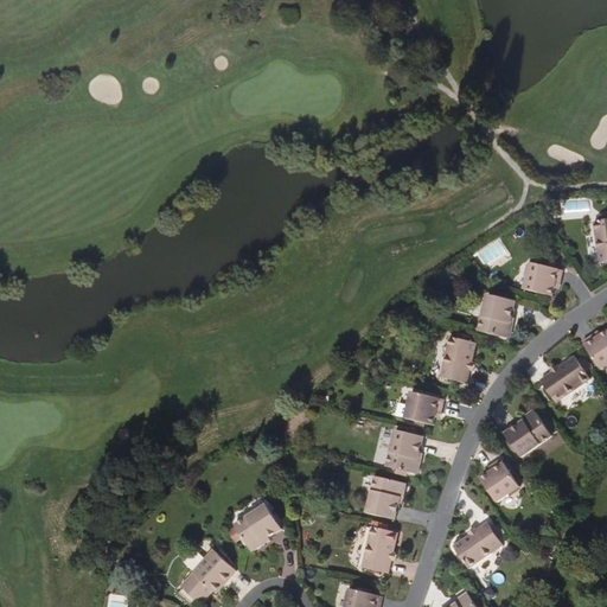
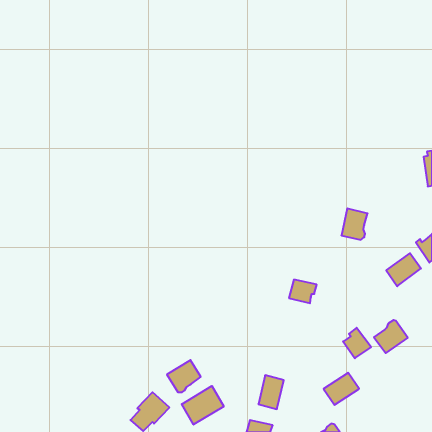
building: [523,261,562,294] -> none
building: [440,332,474,381] -> none
building: [504,410,551,456] -> [374,320,408,353]
building: [386,429,422,474] -> none
building: [366,474,404,519] -> none
building: none -> [182,386,224,425]

